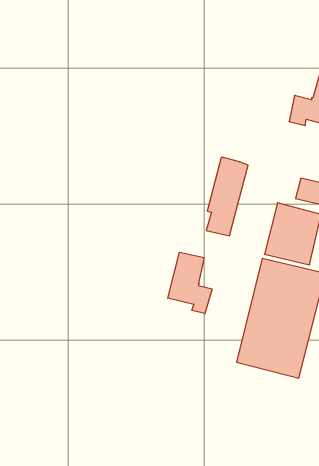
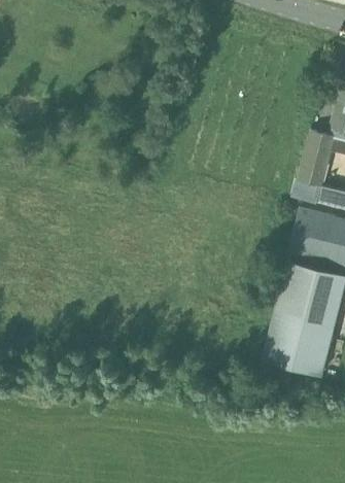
building: [206,158,248,236] -> [295,130,335,205]
building: [168,252,212,314] -> none

